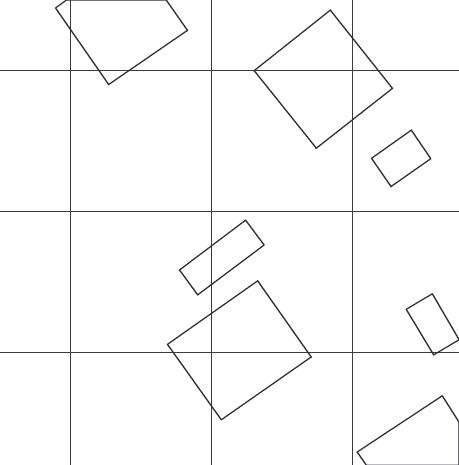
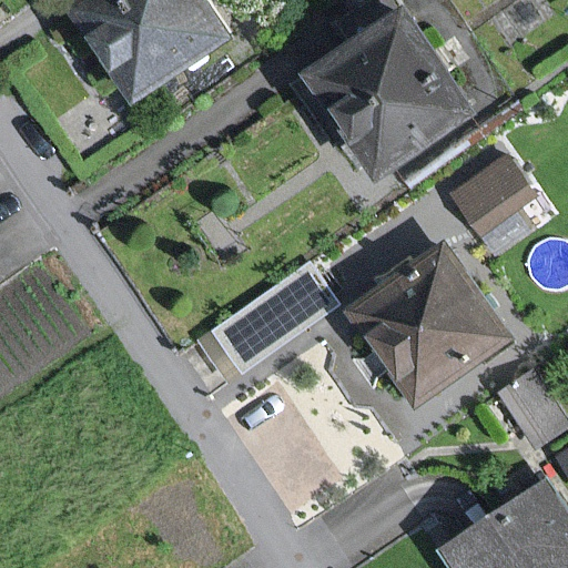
building: none -> [352,245,505,399]
building: [168,281,311,420] -> none

